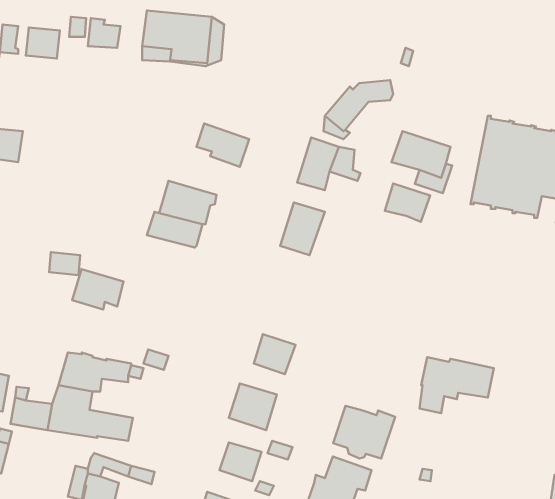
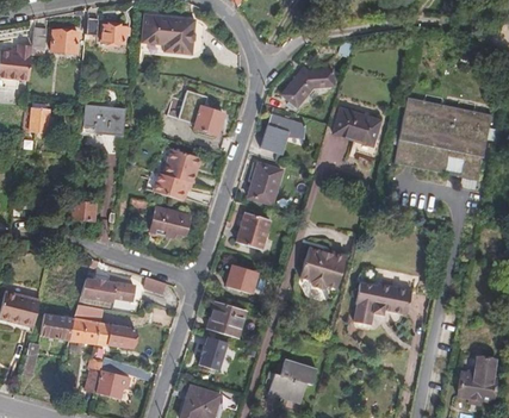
building: none -> [83,105,125,136]
building: [385,184,430,222] -> none
building: none -> [238,213,272,251]
building: [72,269,123,309] -> [150,206,190,237]
building: [333,406,395,459] -> [299,251,347,292]

